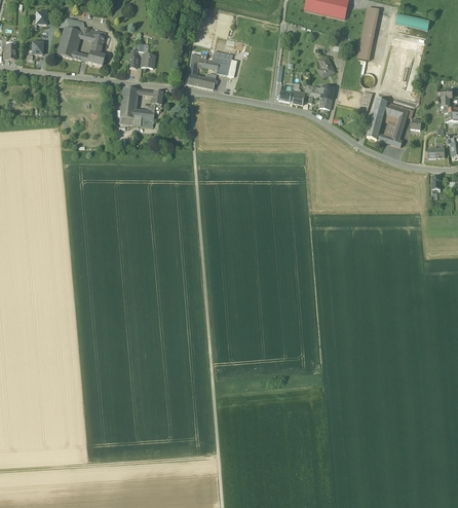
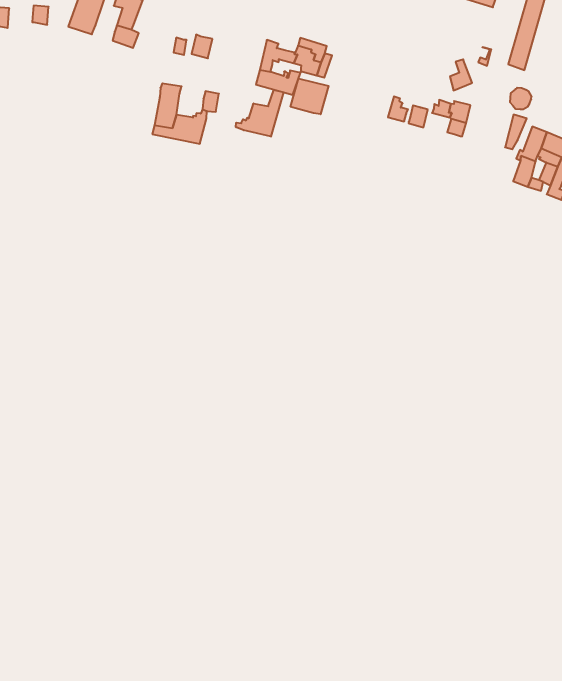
building: none -> [291,78,329,114]
building: none -> [236,90,283,137]

